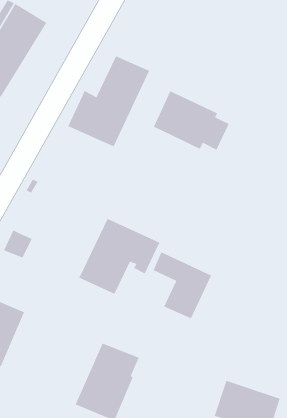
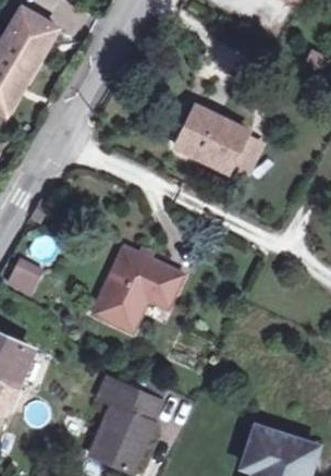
building: [67,55,150,147] -> none
building: [153,251,212,319] -> none

